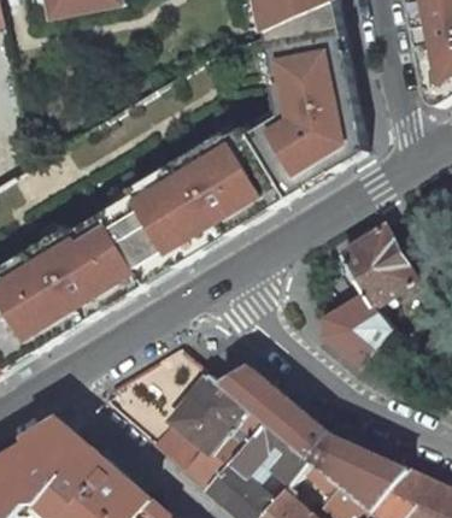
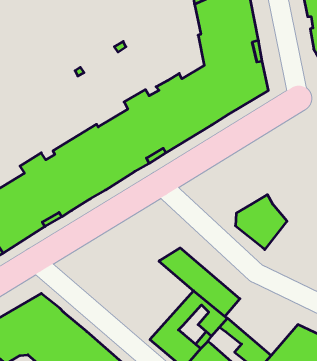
building: [339,223,413,304] -> none
building: [152,371,264,487] -> none
building: [306,431,405,508] -> none

